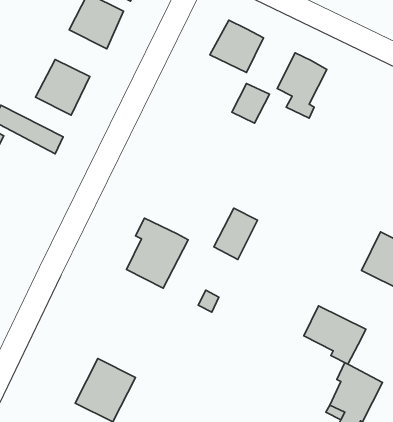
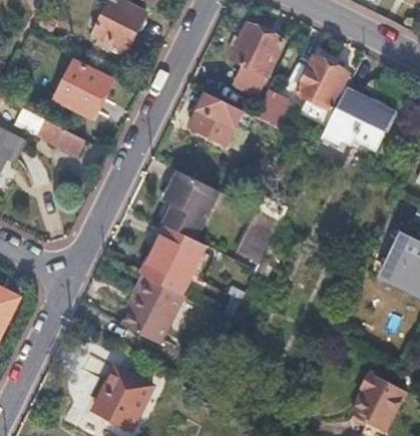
building: none -> [316,86,394,162]
building: none -> [189,92,242,144]
building: none -> [163,171,220,239]
building: none -> [124,275,184,345]
building: [304,306,366,364] -> none

